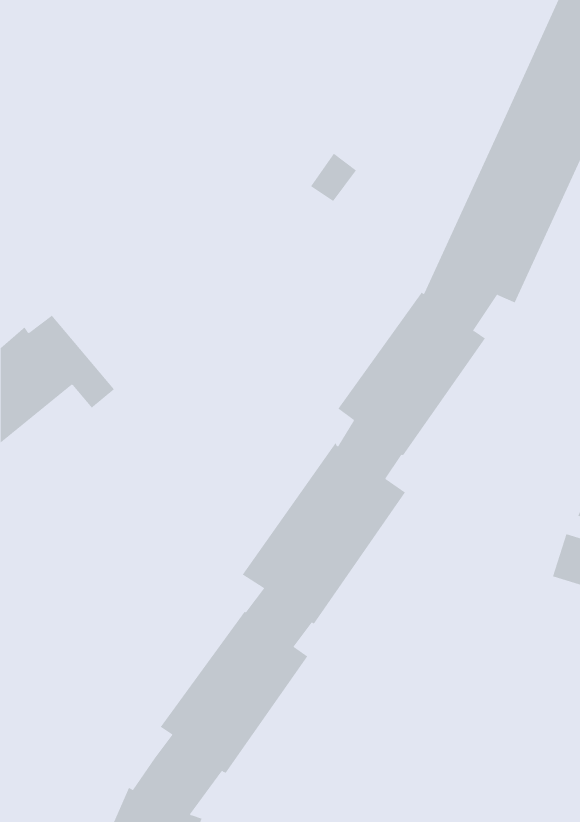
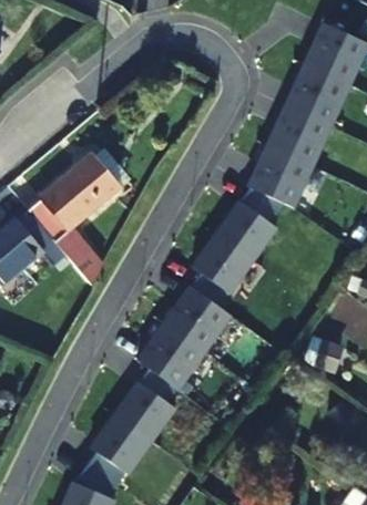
building: none -> [30,155,119,286]

